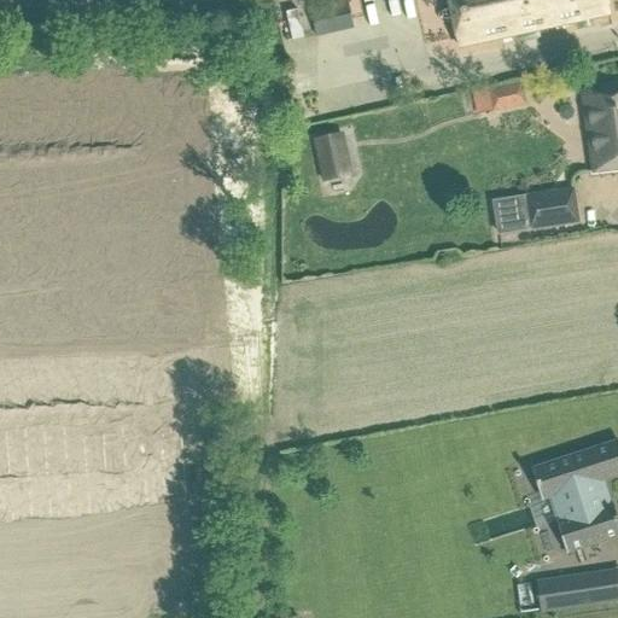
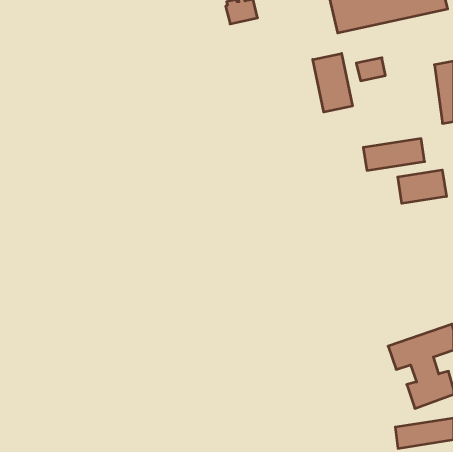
building: none -> [313,53,352,112]
building: [317,133,348,181] -> none
building: none -> [398,170,446,203]

